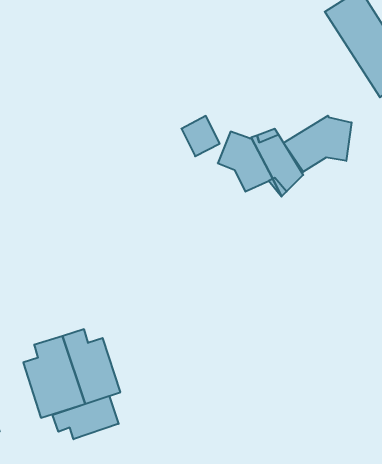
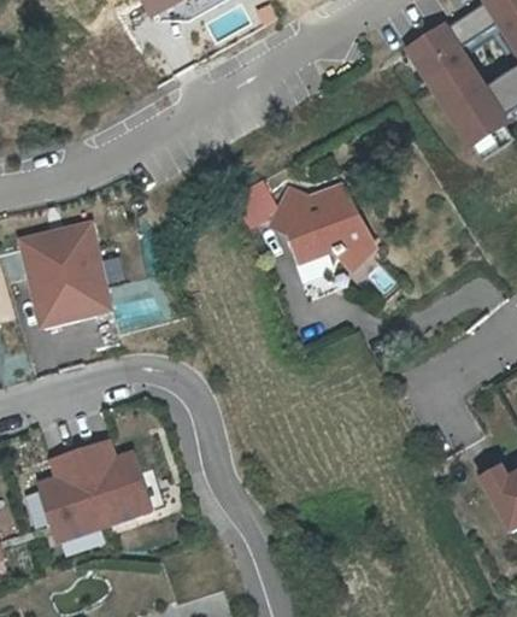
building: [284,116,352,172] -> none
building: none -> [14,217,113,329]
building: [53,396,119,439] -> none

